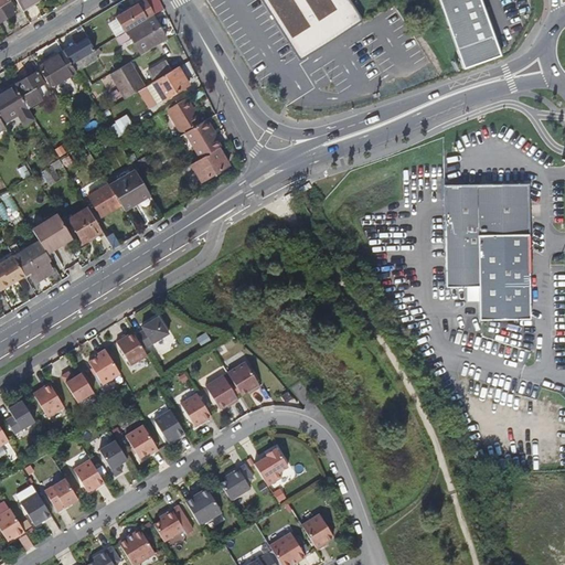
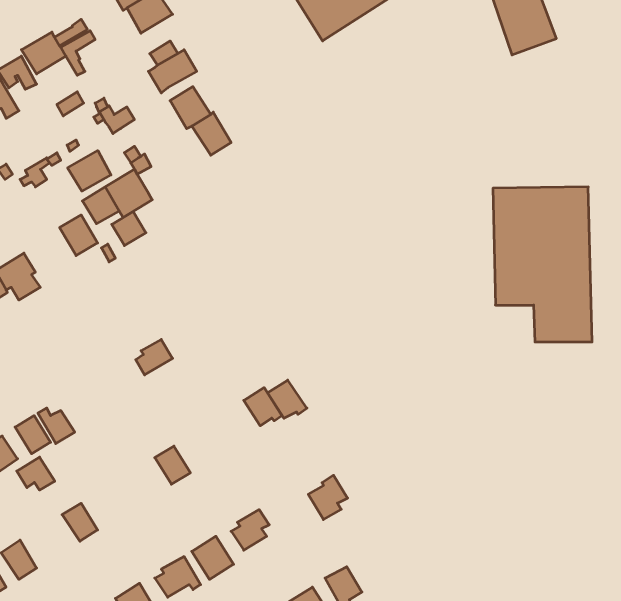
building: [110,60,147,97] -> none
building: [192,146,230,179] -> none
building: none -> [68,151,111,191]
building: none -> [112,211,146,246]
building: [32,213,73,253] -> none
building: [116,332,147,365] -> none
building: [87,349,119,384] -> none
building: [209,372,243,405] -> [267,380,307,418]
building: [180,393,211,426] -> none
building: [125,425,157,458] -> none
building: [98,440,127,476] -> none
building: [254,447,288,486] -> [308,475,348,520]
building: [44,478,77,507] -> [17,457,55,490]

